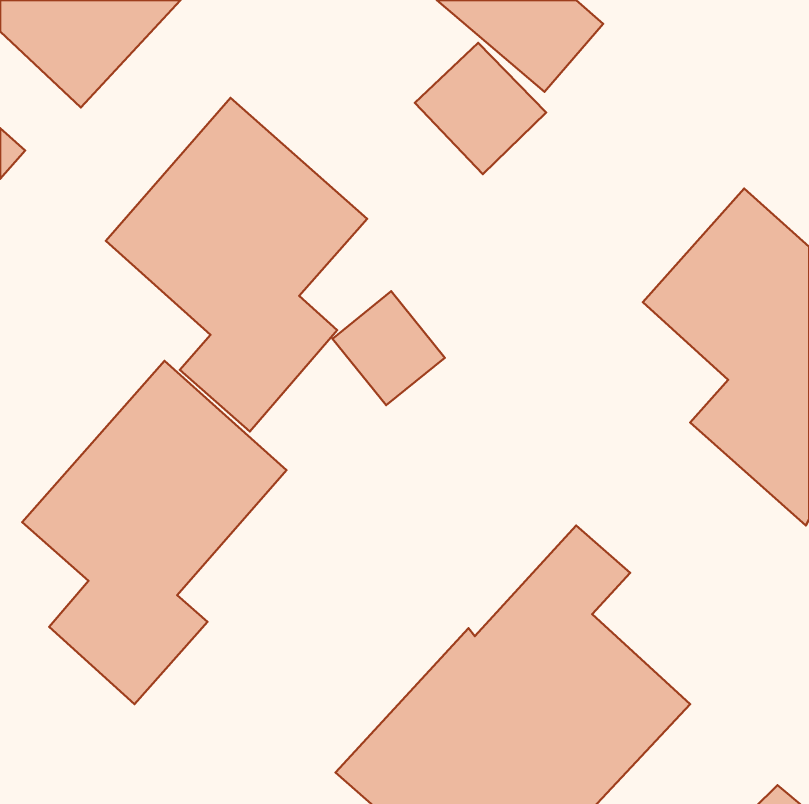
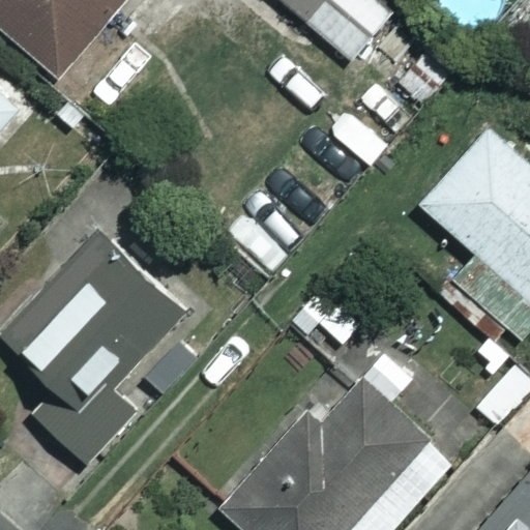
building: [106,98,367,432] -> none

